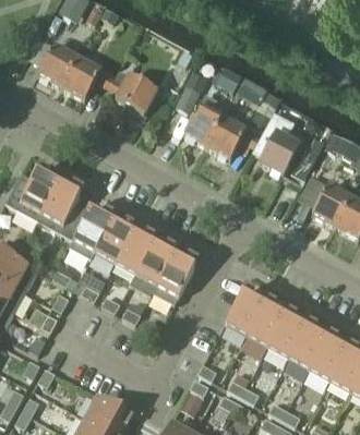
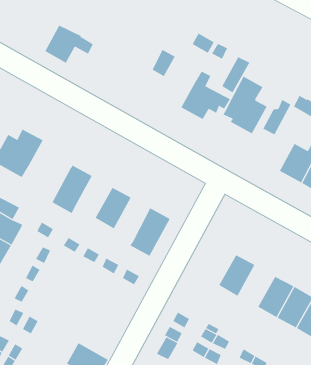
building: [39,44,77,85] -> none
building: [109,74,158,114] -> none
building: [184,93,229,145] -> none
building: [38,180,89,240] -> none
building: [95,218,134,263] -> none
building: [136,241,175,286] -> none
building: [226,290,266,335] -> none
building: [268,313,308,358] -> none

